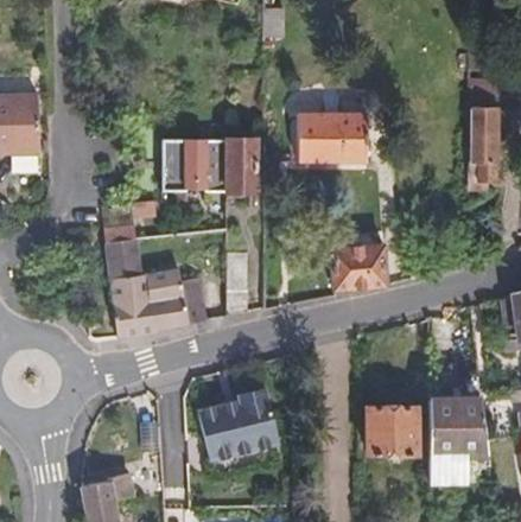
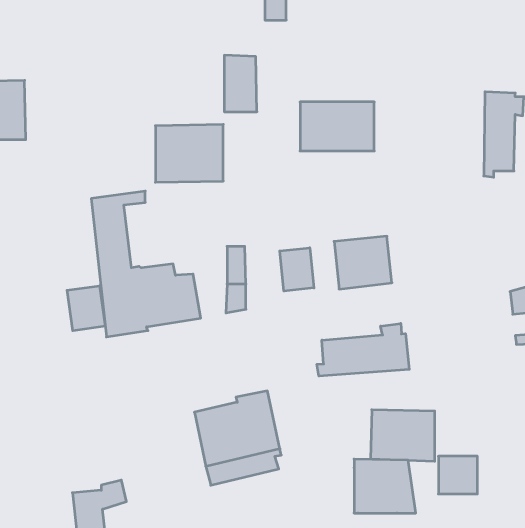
building: [227,136,258,190] -> [224,55,257,112]
building: none -> [280,248,314,291]
building: none -> [67,286,105,331]
building: none -> [317,323,409,376]
building: [426,399,484,450] -> [354,459,416,513]

